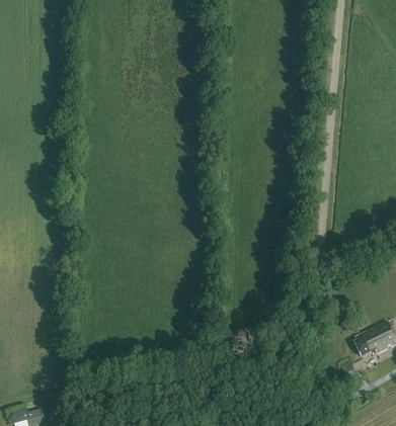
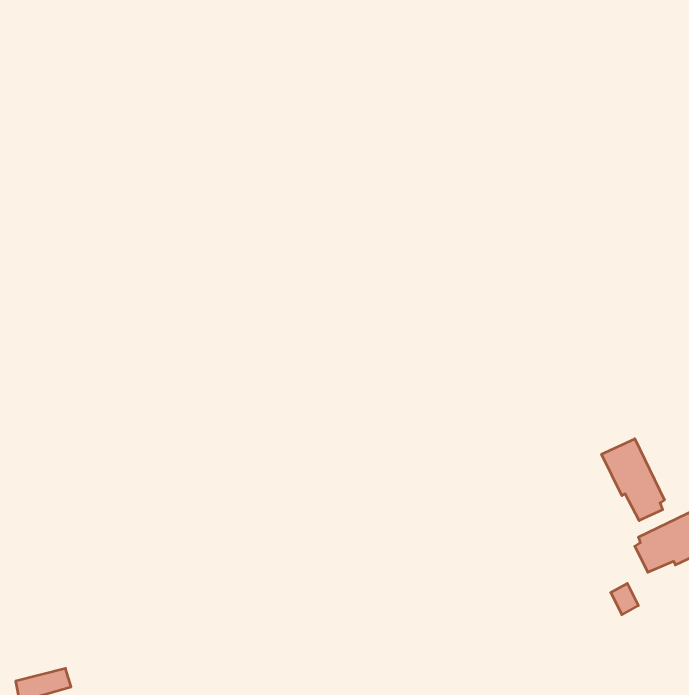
building: none -> [602,439,664,521]

